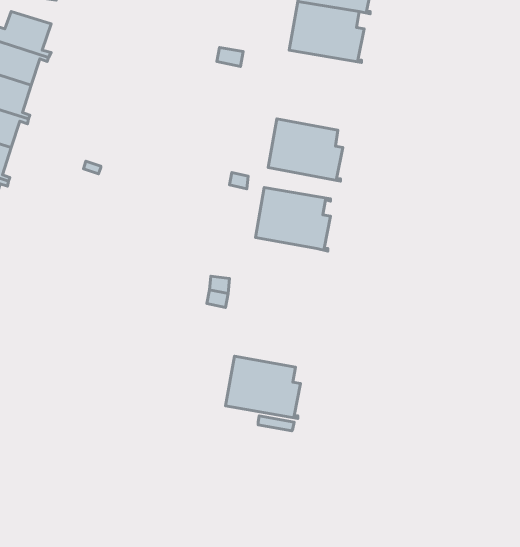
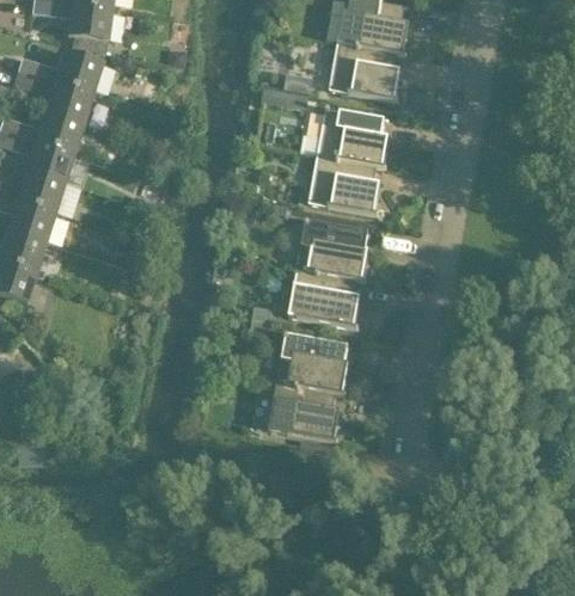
building: none -> [318,107,390,168]
building: none -> [289,269,361,328]
building: none -> [277,334,349,395]

